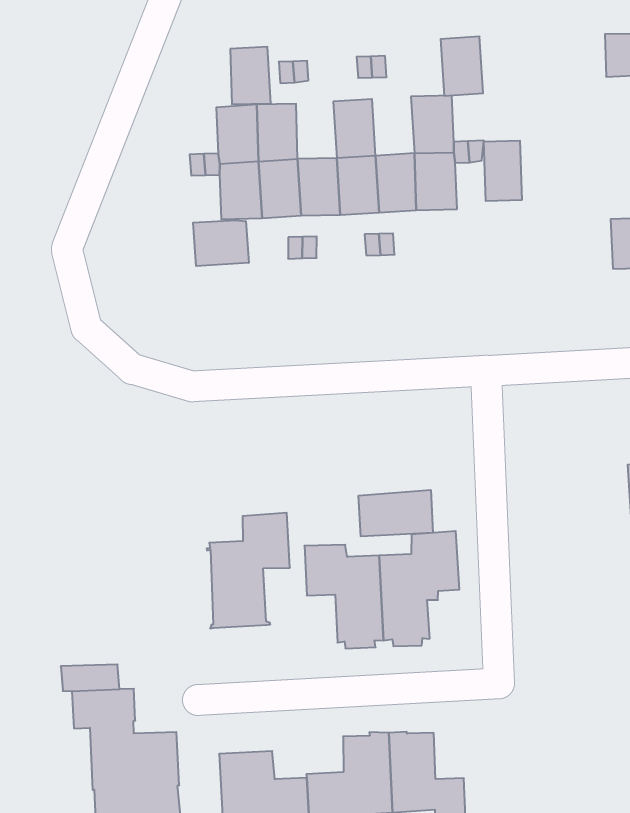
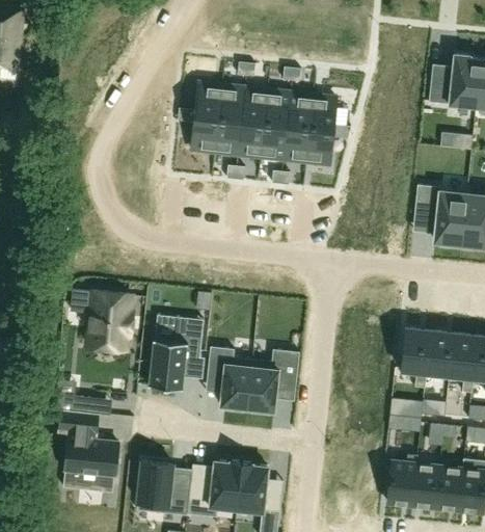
building: [441,37,483,96] -> [287,92,313,128]
building: [230,47,271,104] -> [241,88,267,124]
building: [484,141,522,201] -> none
building: [193,220,249,266] -> none
building: none -> [71,290,132,355]
building: [359,490,433,536] -> none

